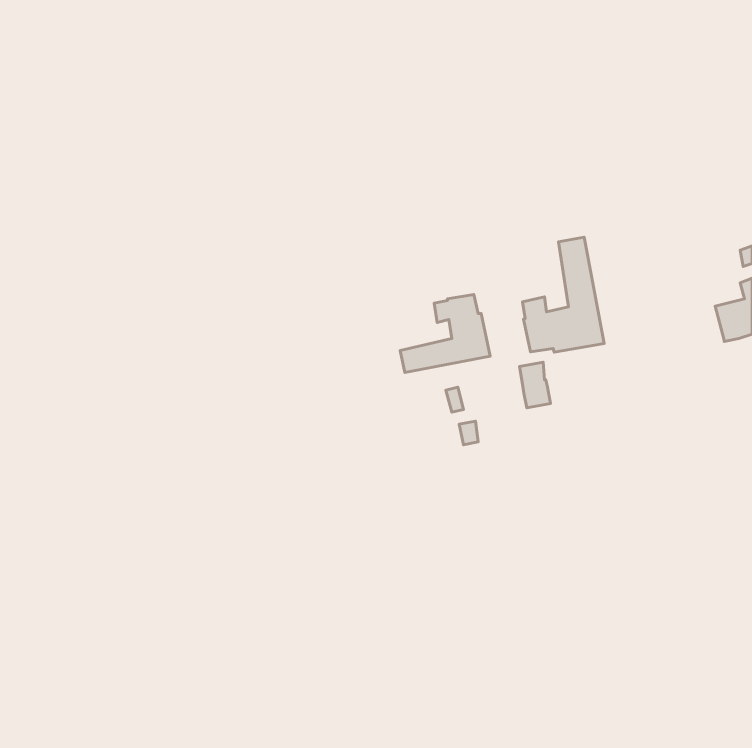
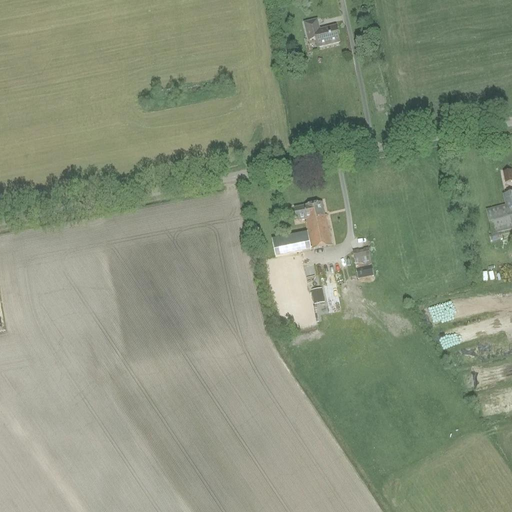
building: none -> [304,18,340,46]
building: [522,237,604,352] -> none

